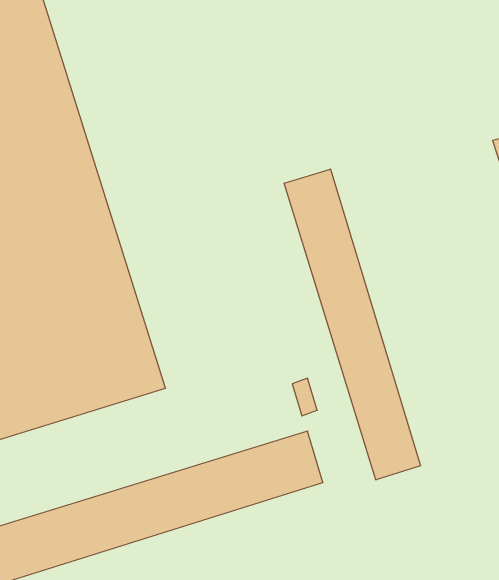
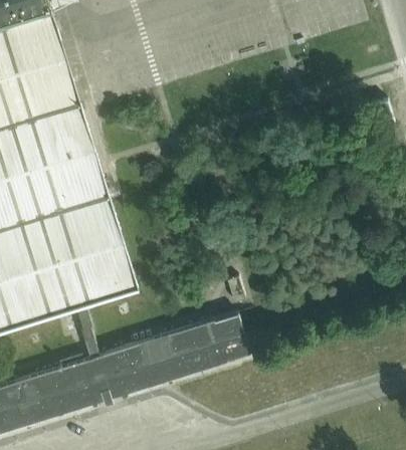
building: [284,169,420,480] -> none

